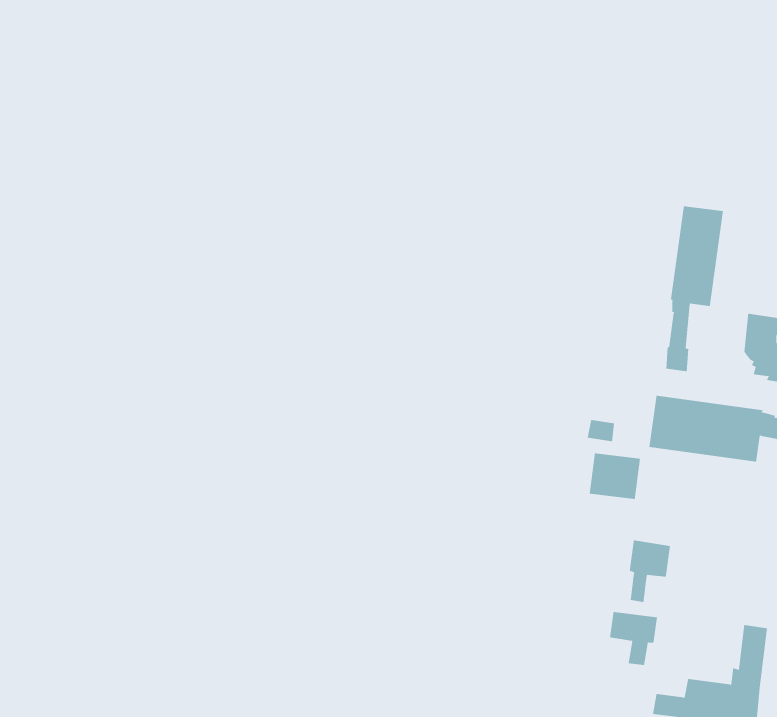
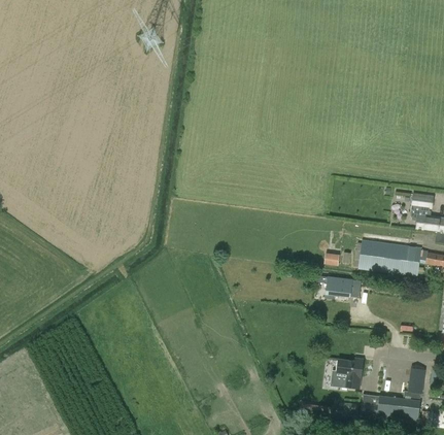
building: [666,205,724,372] -> none
building: [629,539,671,603] -> none

